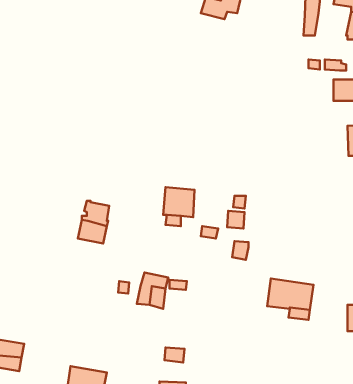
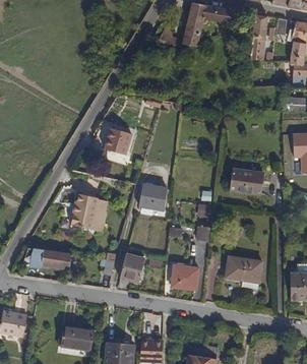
building: none -> [104,128,132,157]
building: none -> [228,165,261,191]
building: none -> [41,249,70,270]
building: none -> [171,266,198,291]

